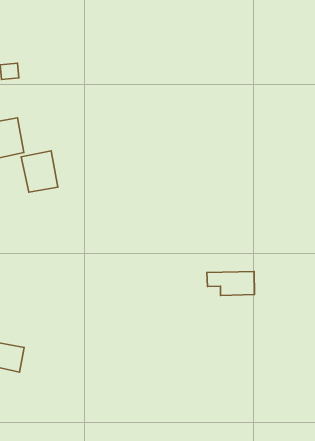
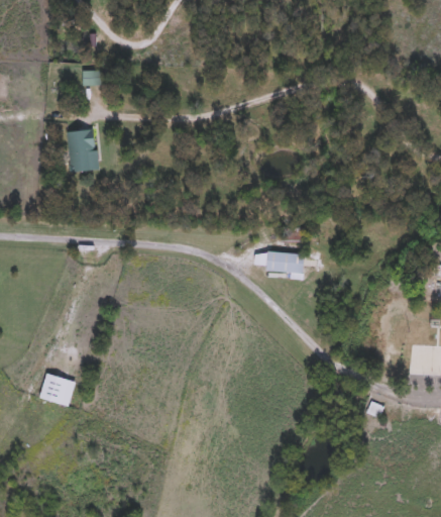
building: [21,151,58,192] -> none
building: [207,271,255,295] -> [253,250,306,280]

